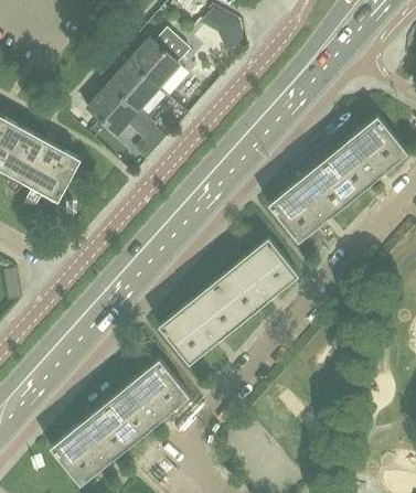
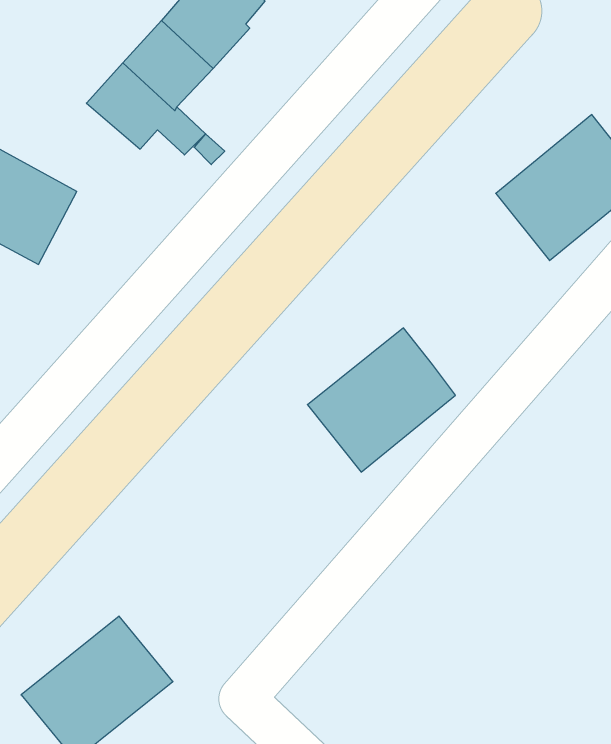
building: [267,161,353,244] -> none
building: [159,282,245,365] -> none
building: [106,360,191,441] -> none

